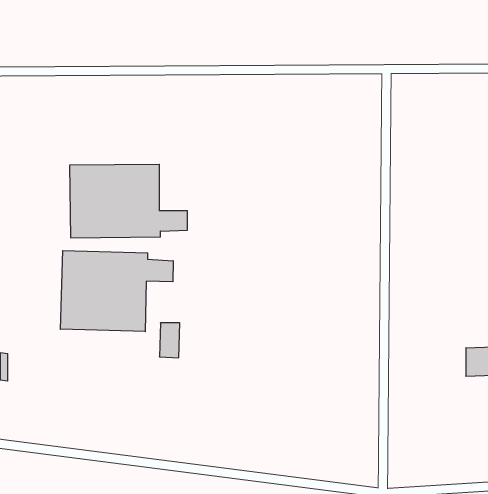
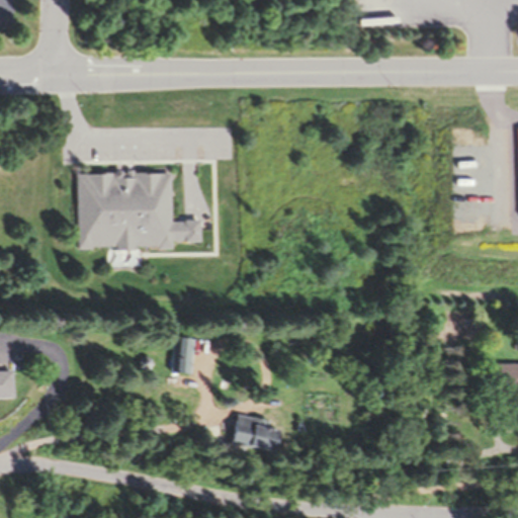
building: [60,251,173,332] -> none
building: none -> [232,414,279,452]

